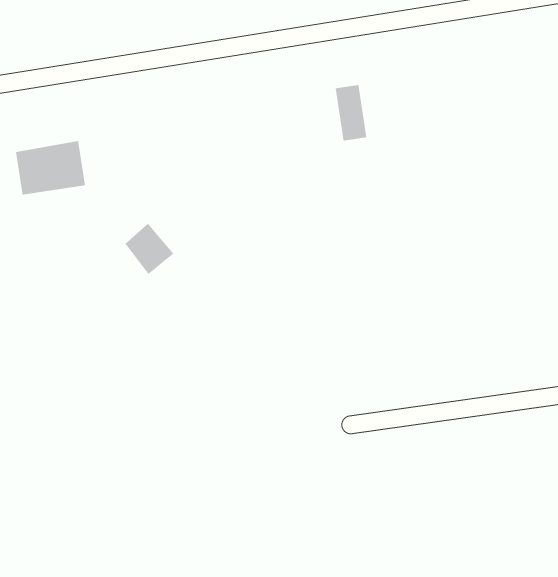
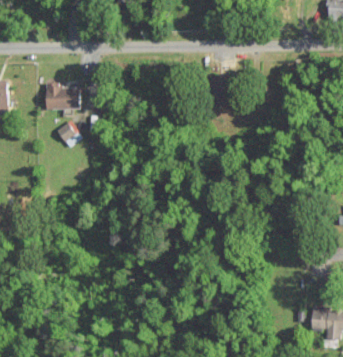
building: [124,223,174,275] -> [57,121,82,148]

